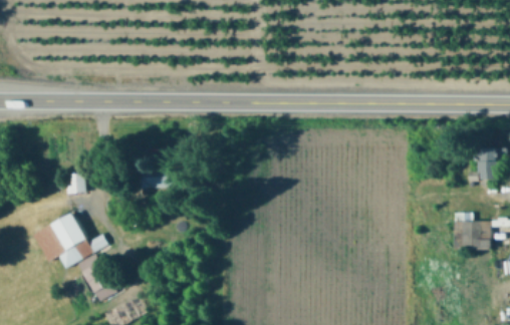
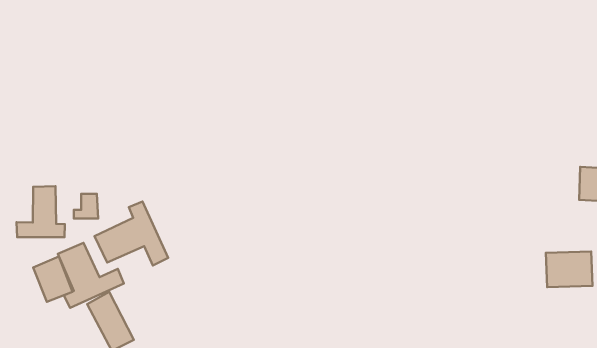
building: none -> [17,186,65,237]
building: none -> [94,202,168,265]

